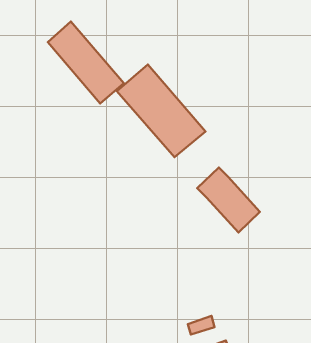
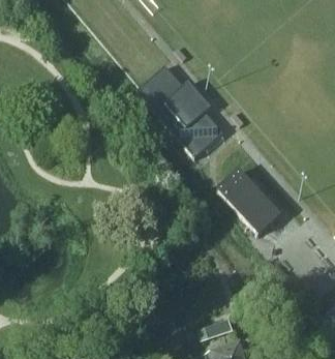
building: [48,22,124,103] -> none

